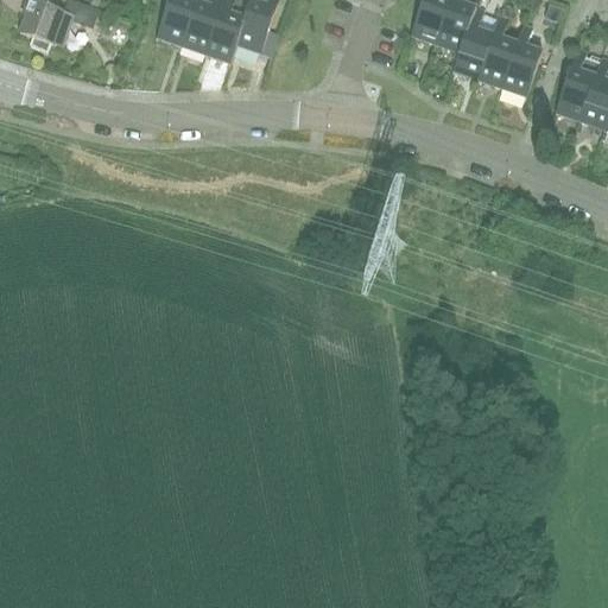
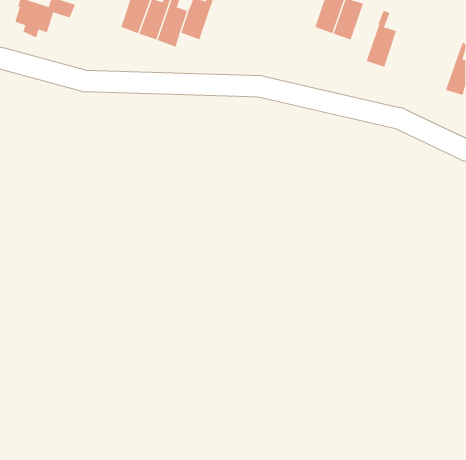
building: [451,5,493,80] -> none
building: [501,21,543,96] -> none
building: [556,46,600,118] -> none

